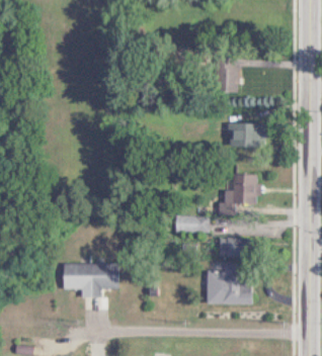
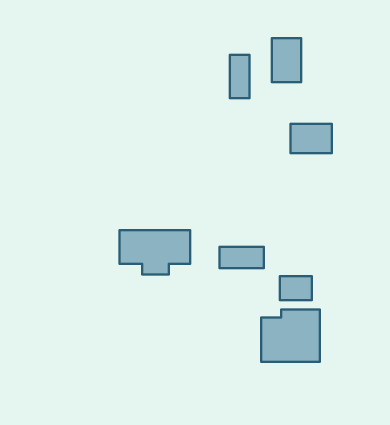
building: none -> [230,55,250,98]
building: [218,173,257,214] -> none
building: [65,264,118,297] -> [119,230,190,274]

